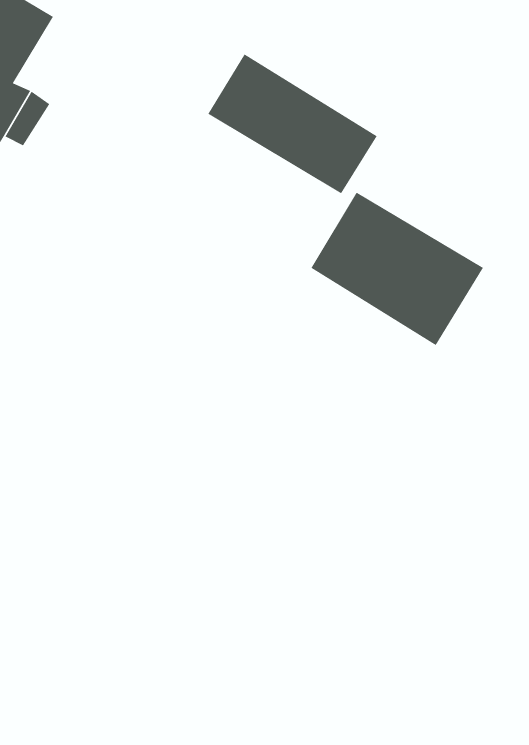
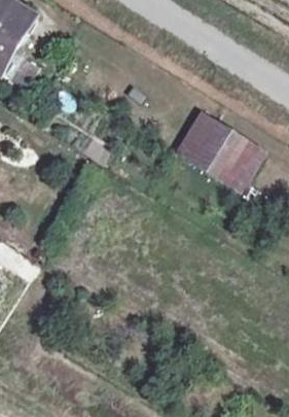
building: [208,54,377,194] -> none

